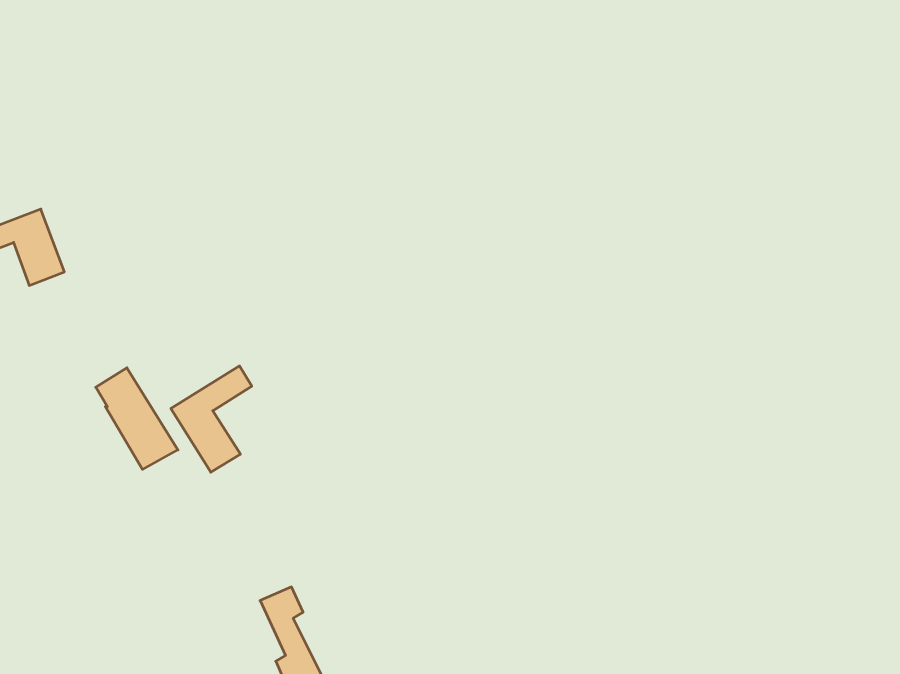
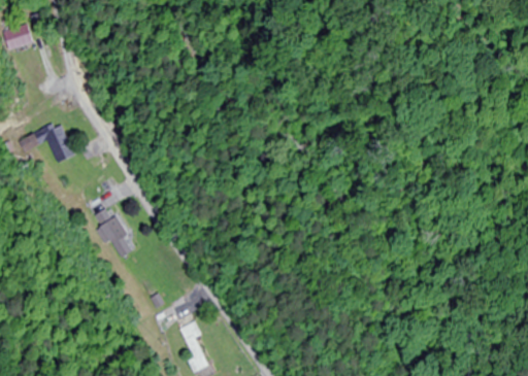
building: [171,366,252,472] -> none

